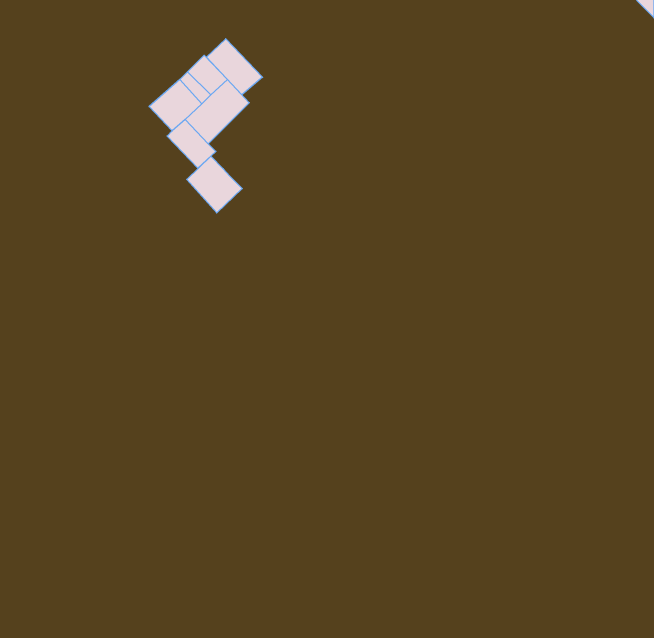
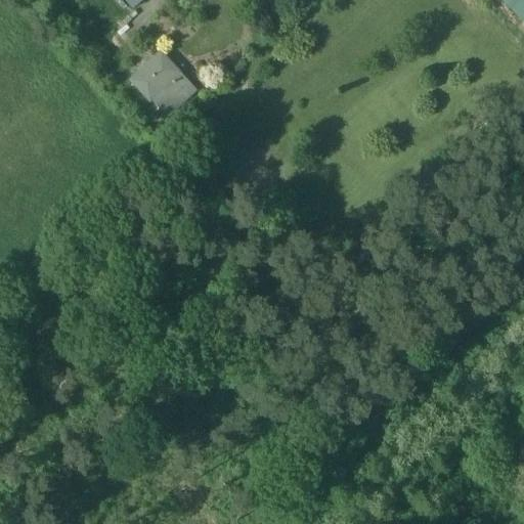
building: [206,39,263,95] -> none
building: [187,156,242,213] -> none

